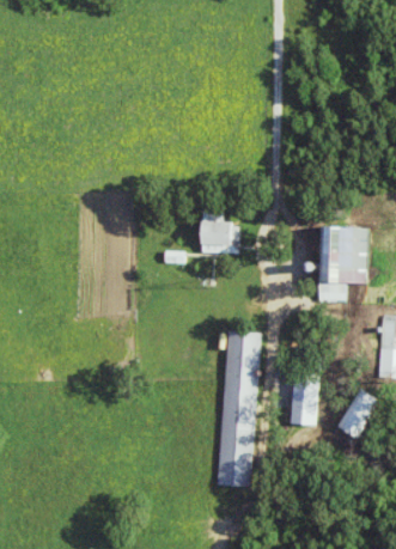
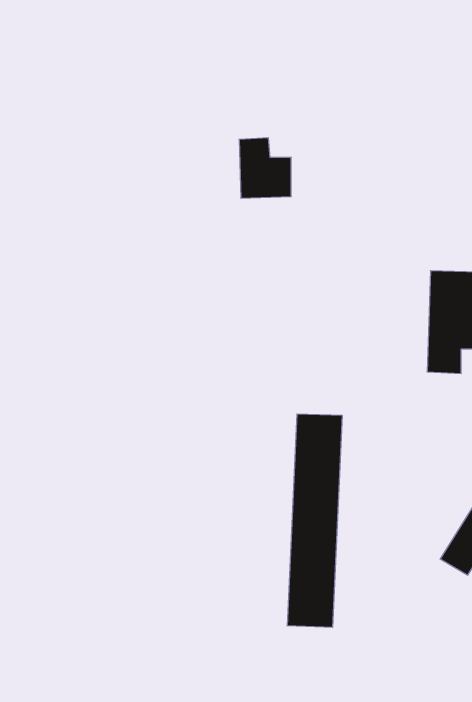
building: [200,211,238,255] -> [239,138,291,198]
building: [291,380,317,426] -> none

